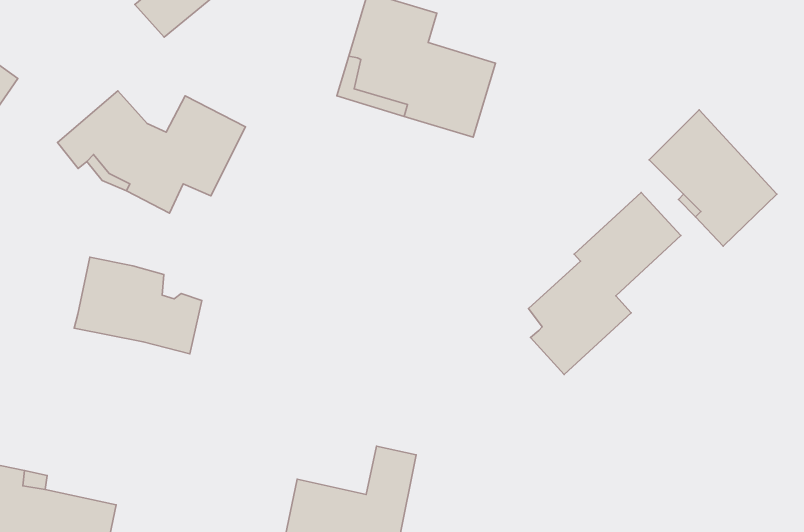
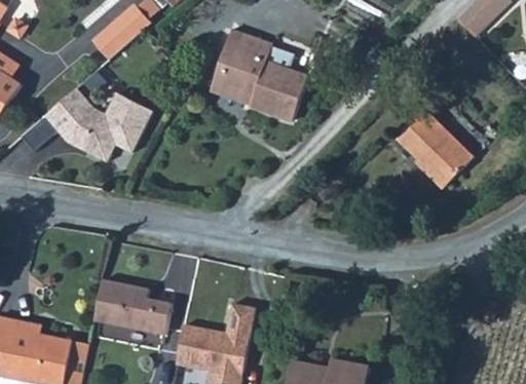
building: [528,193,681,375] -> none
building: [74,257,202,354] -> [97,279,173,337]

